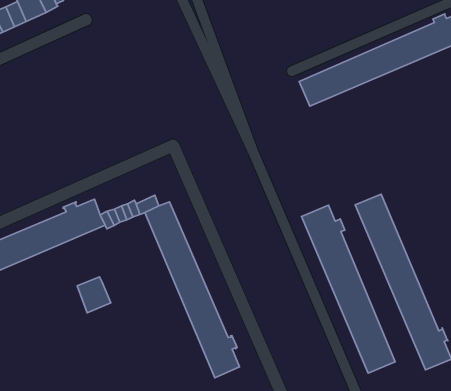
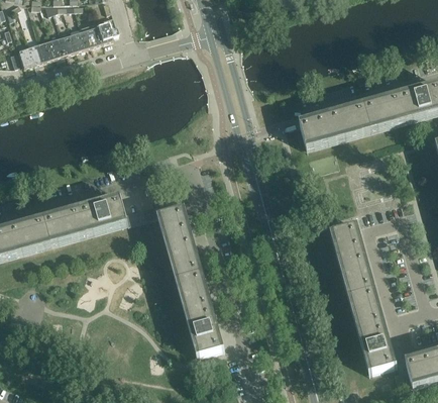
building: [302,205,395,373] -> none
building: [77,277,111,313] -> none

